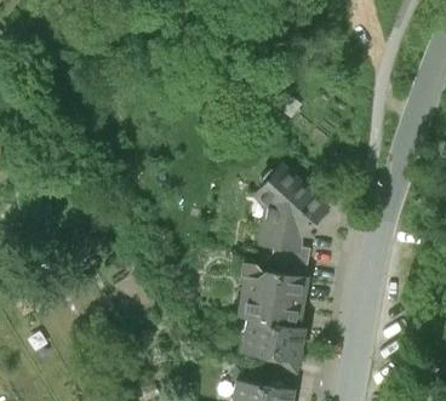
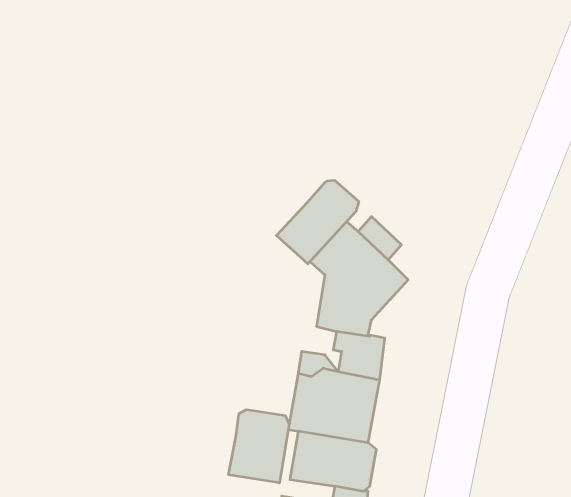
building: none -> [276,180,359,264]
building: none -> [229,410,289,483]

